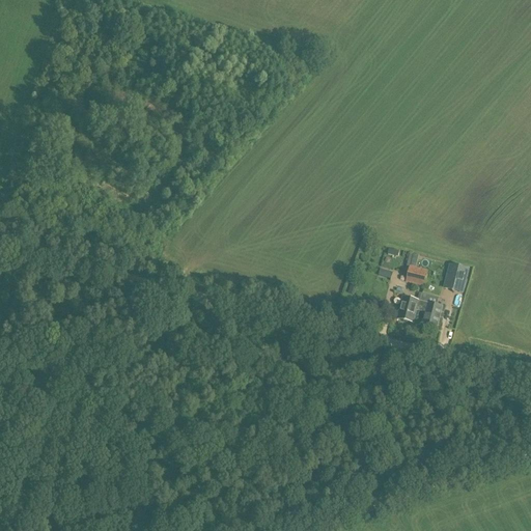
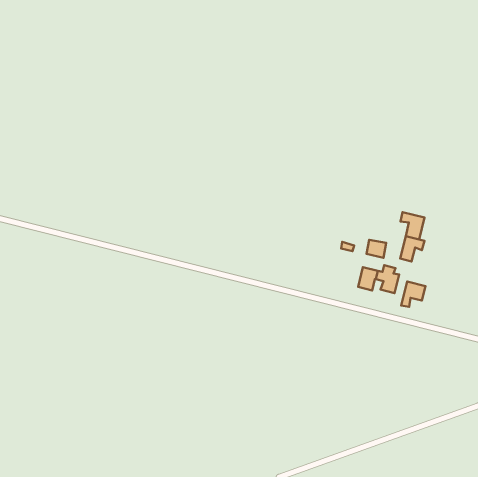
building: none -> [401,212,425,239]
building: none -> [401,282,426,307]

